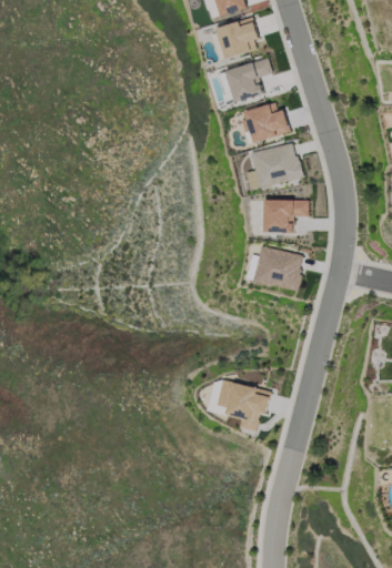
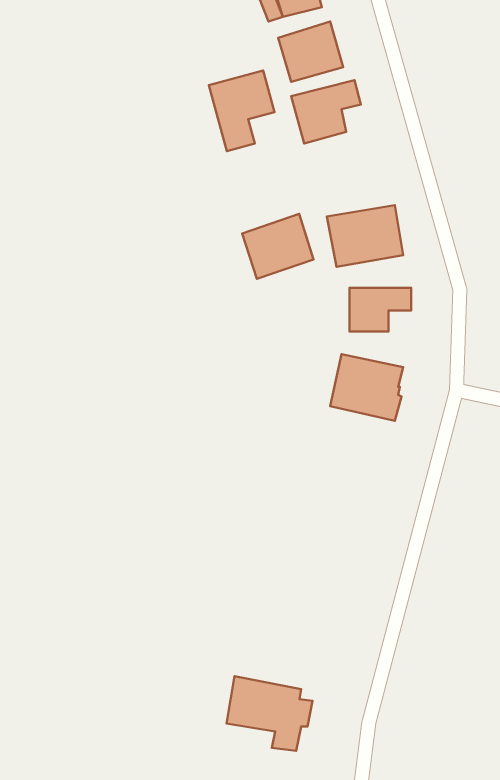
building: none -> [209,71,274,151]
building: [240,100,289,144] -> [242,214,314,279]
building: [209,379,268,430] -> [226,676,312,751]

